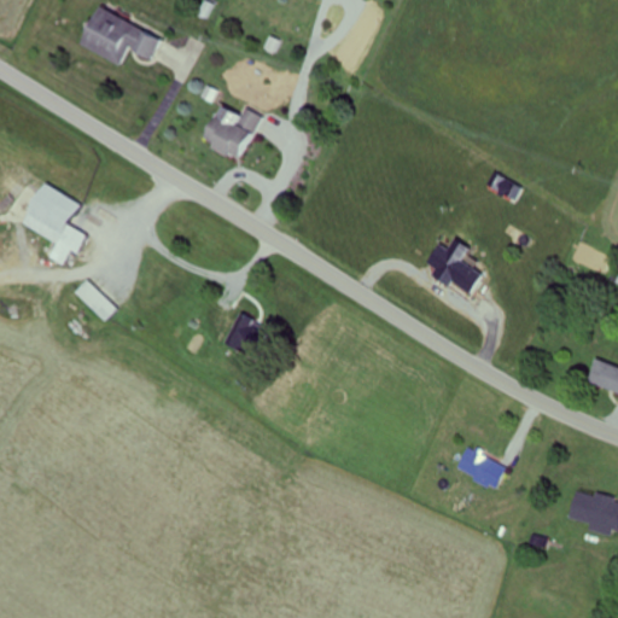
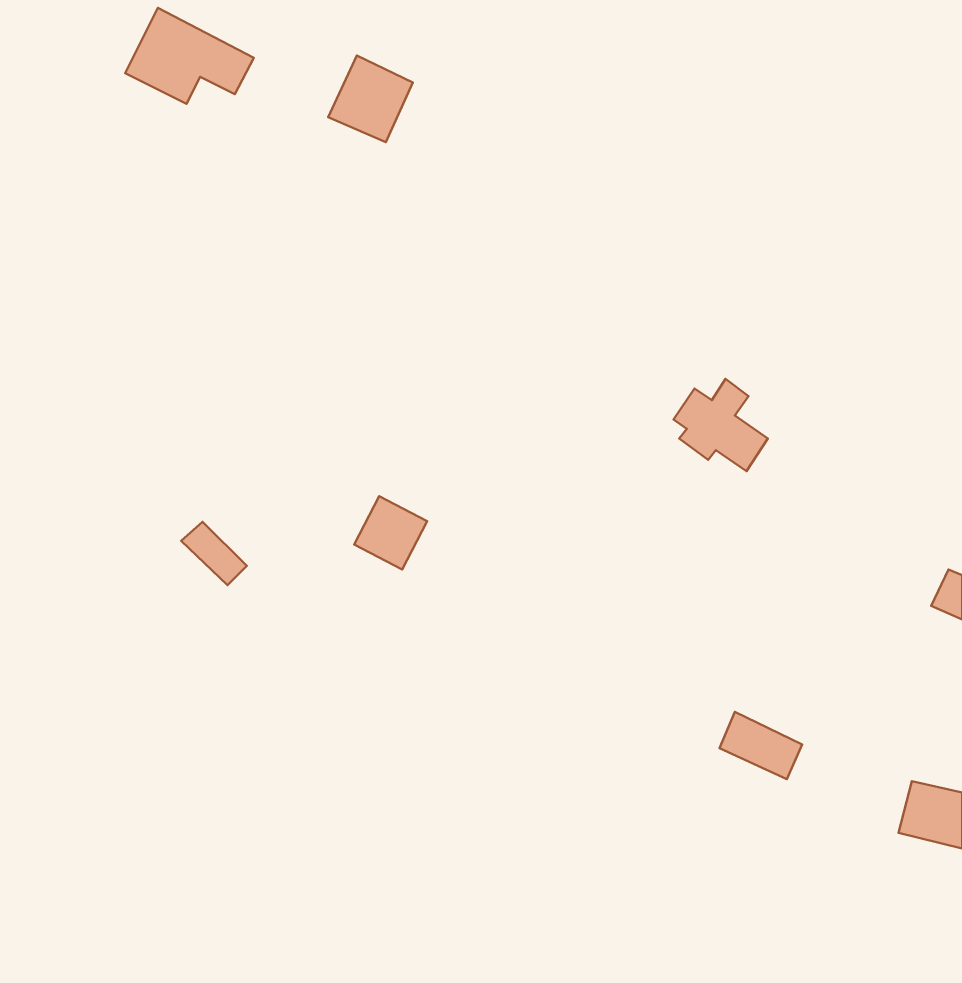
building: [202,105,255,159] -> [328,56,413,142]
building: [23,182,91,267] -> none
building: [74,280,115,320] -> [181,522,247,585]

